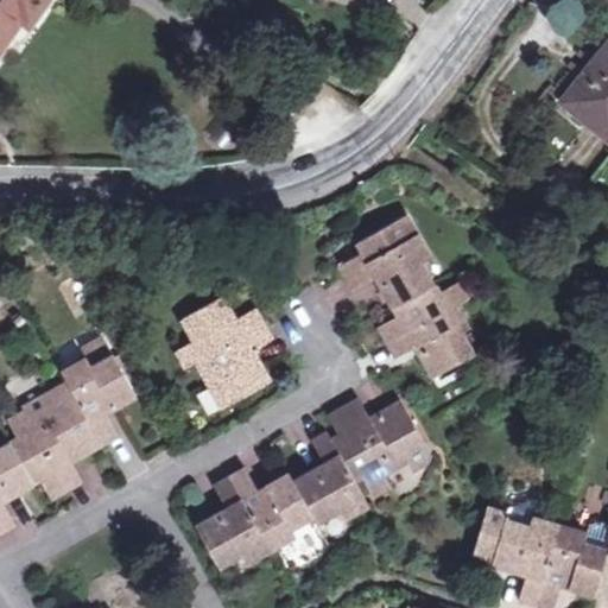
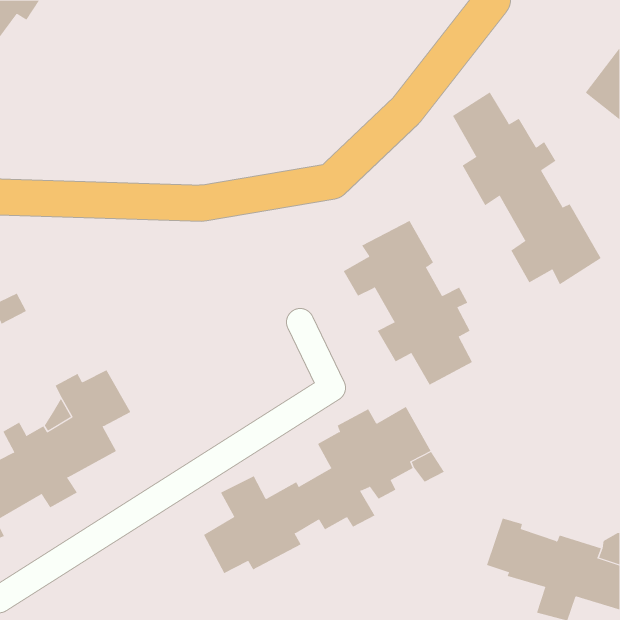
building: none -> [452,92,601,285]
building: [183,304,280,408] -> none

